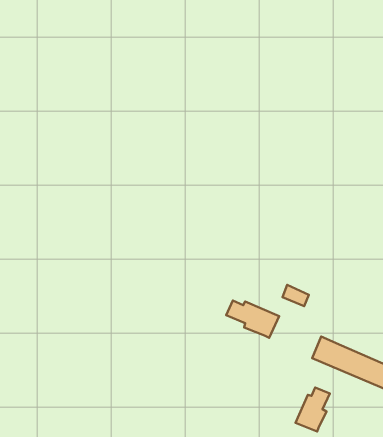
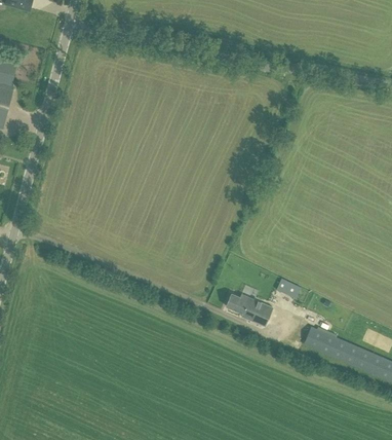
building: [296,387,330,432] -> none

